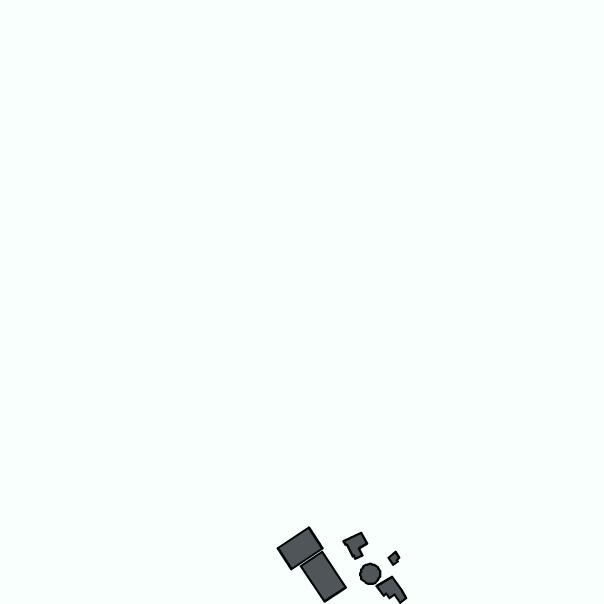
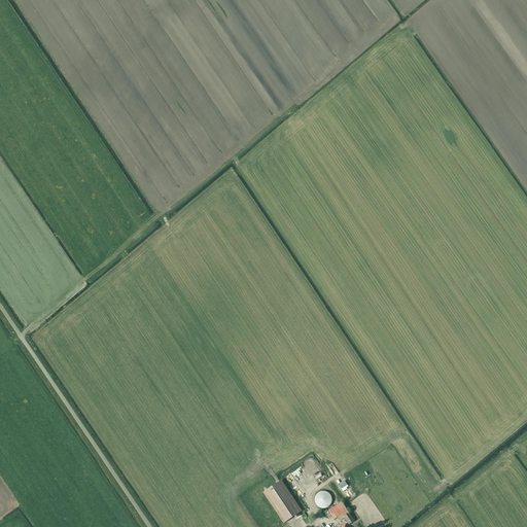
building: [278,528,323,569] -> none

